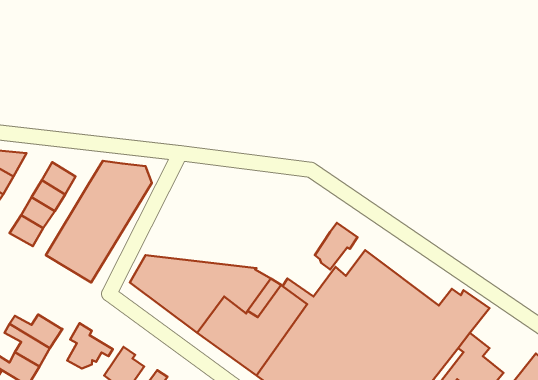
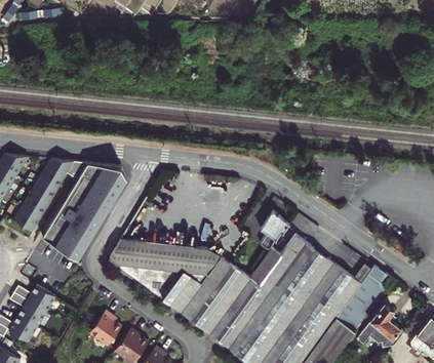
building: none -> [47,159,87,181]
building: [67,323,113,369] -> none

